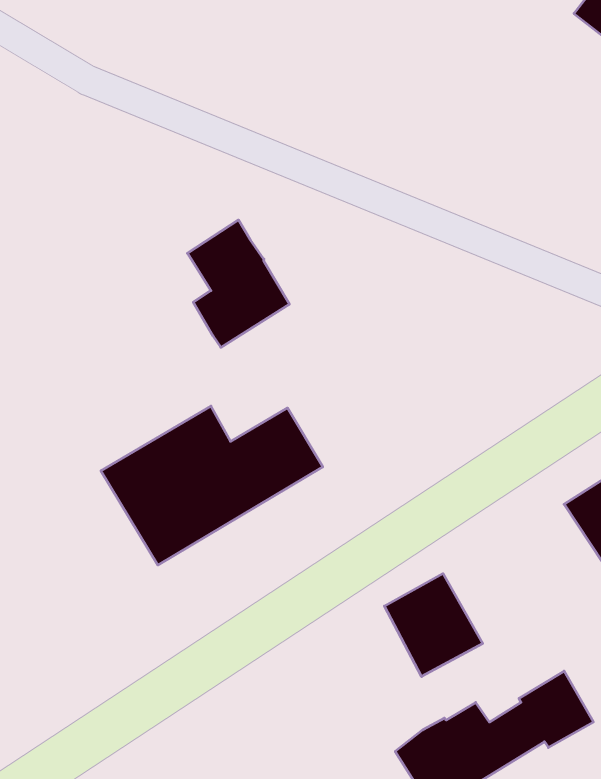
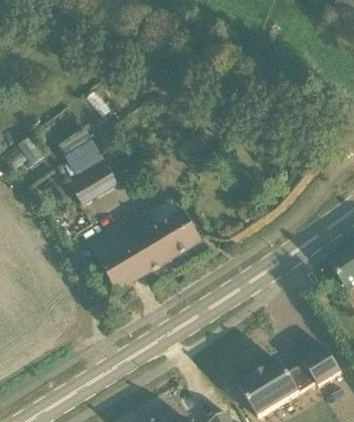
building: [187,220,289,347] -> [65,139,118,204]
building: [384,574,483,677] -> none

